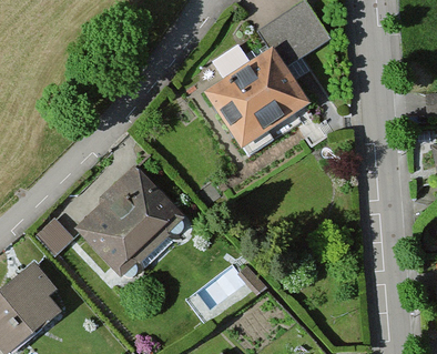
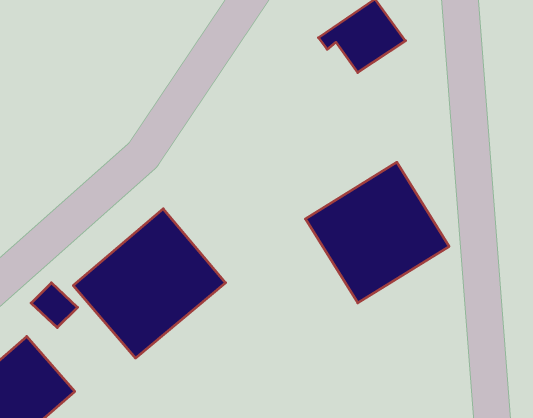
building: [203,44,313,152] -> [305,162,449,303]

